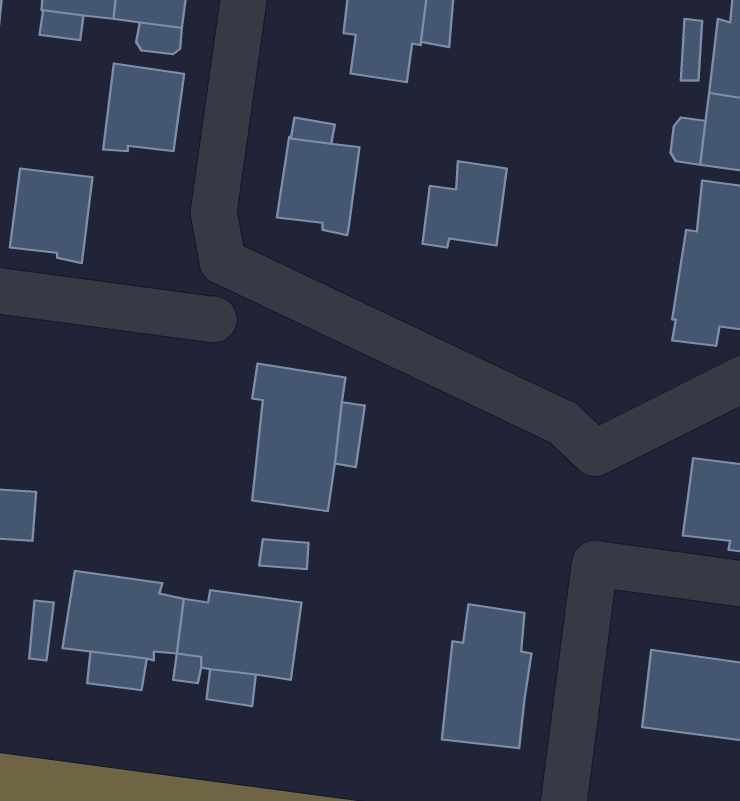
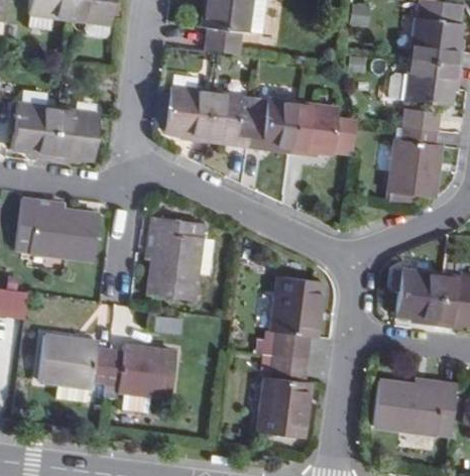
building: [103,63,184,151] -> [51,108,98,158]
building: none -> [205,91,251,146]
building: none -> [288,103,357,153]
building: none -> [16,197,98,260]
building: none -> [271,274,323,358]

